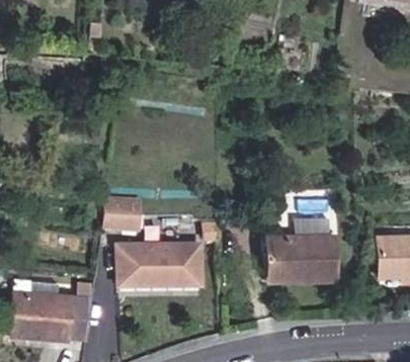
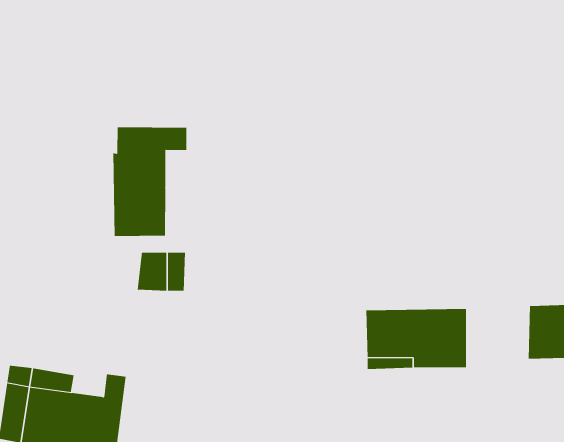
building: none -> [113,126,187,237]
building: [114,247,198,285] -> none

